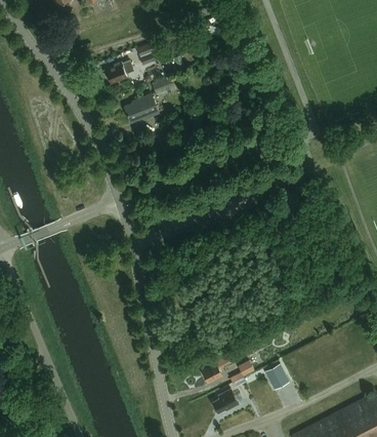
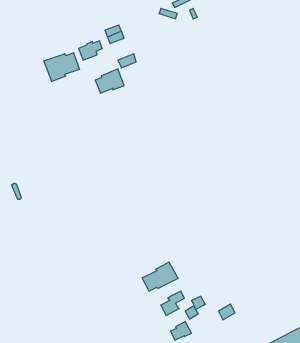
building: none -> [44,53,80,82]
building: none -> [142,262,178,291]

